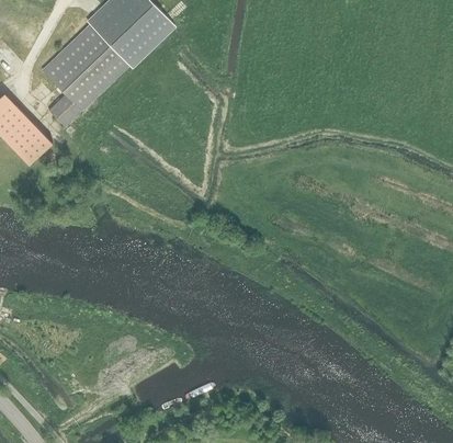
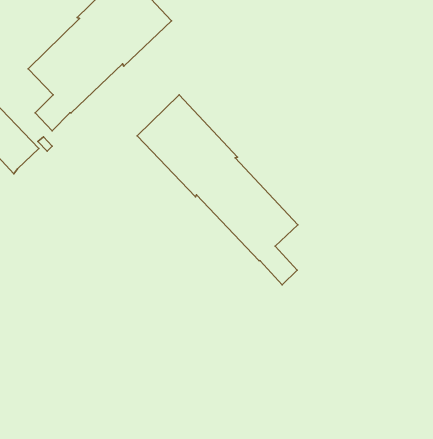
building: none -> [137,95,298,285]

